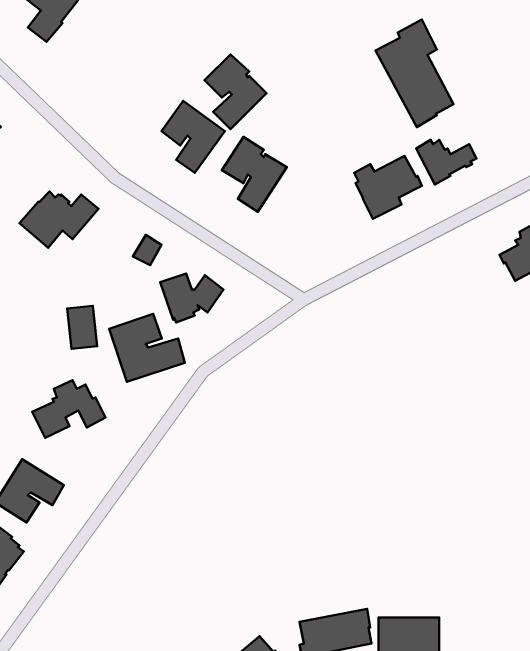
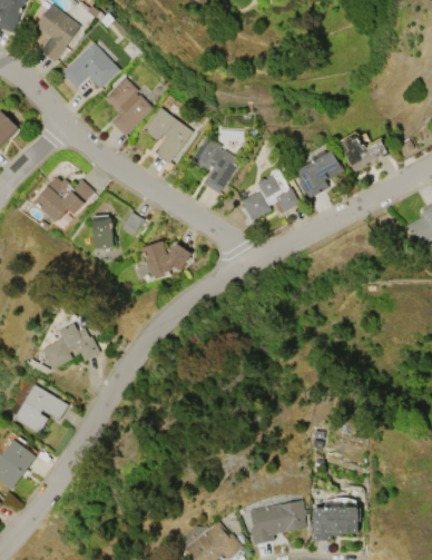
building: none -> [61,41,120,88]
building: [376,20,453,127] -> none
building: [205,54,266,129] -> [105,77,153,135]
building: none -> [240,166,298,219]
building: [67,306,97,349] -> [91,216,115,249]
building: [109,314,185,382] -> none

